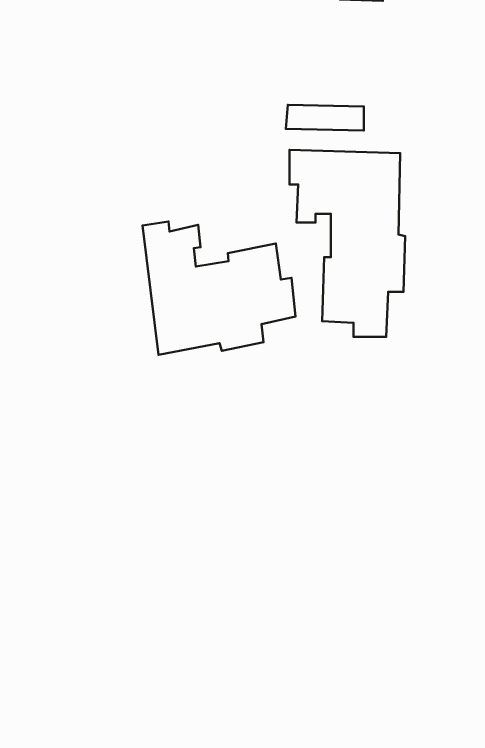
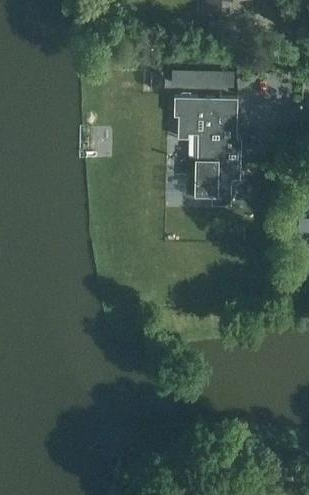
building: [142,221,295,355] -> none

